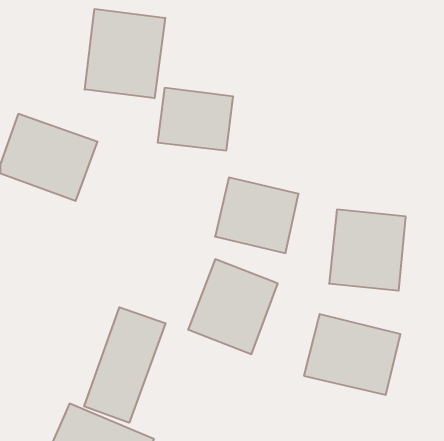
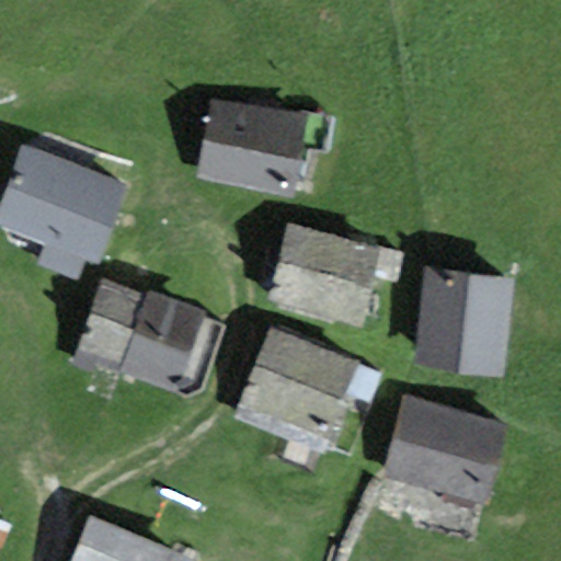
building: [85,9,165,98] -> none
building: none -> [92,295,198,378]
building: [84,307,165,423] -> none

